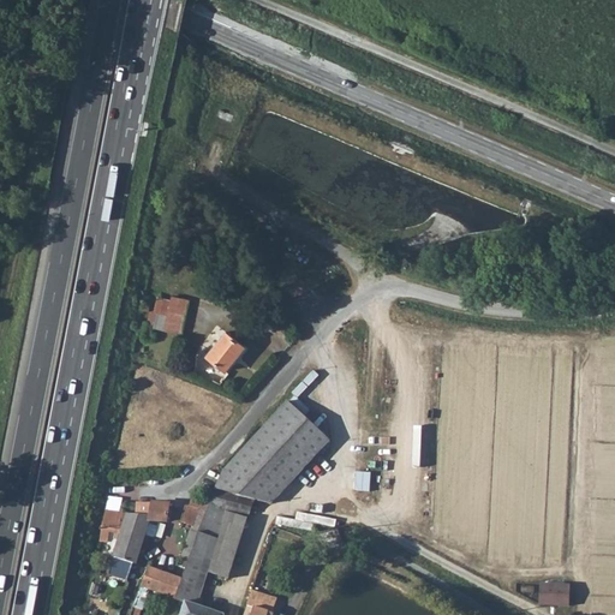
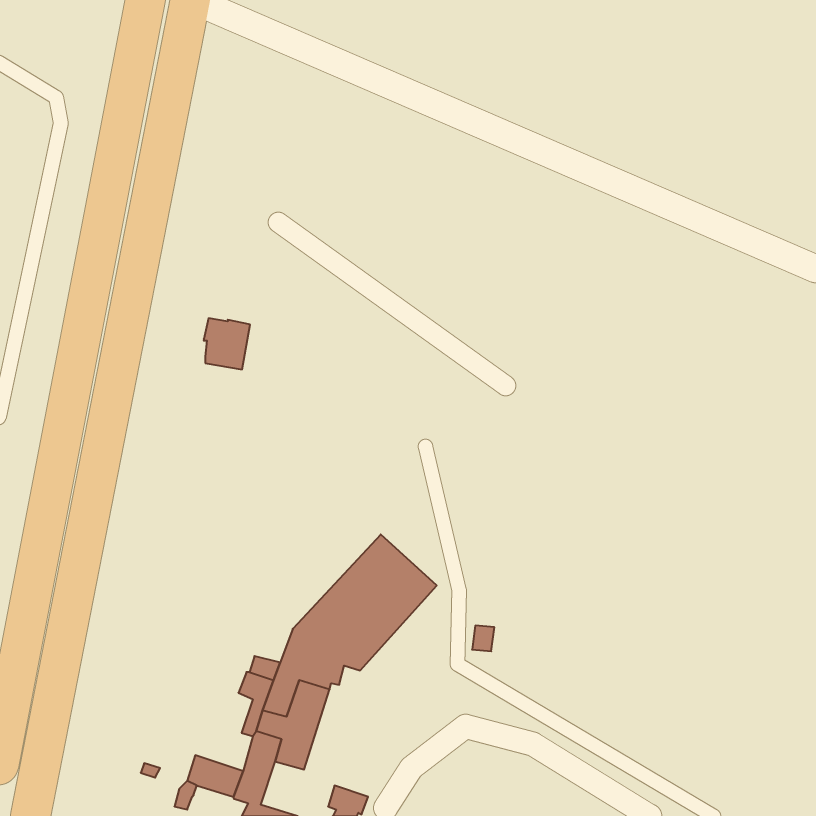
building: [151,295,186,334] -> [204,318,250,369]
building: [205,332,241,370] -> none
building: [100,503,168,563] -> none
building: [539,580,571,604] -> none

